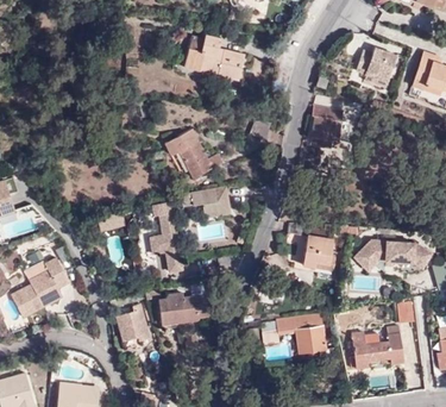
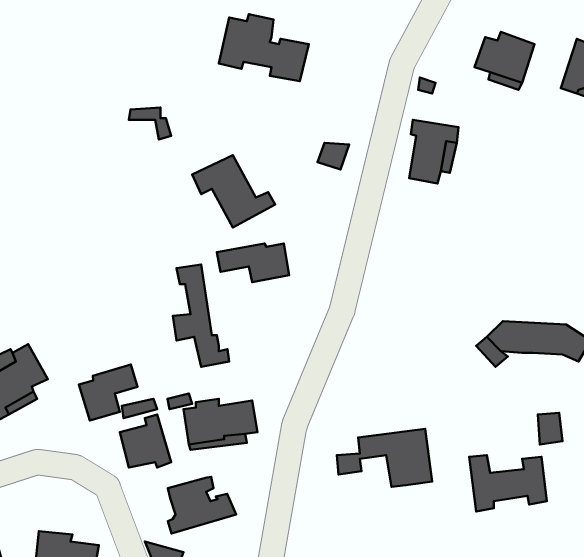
building: [289,224,334,268] -> none
building: none -> [79,365,138,420]
building: none -> [168,477,236,534]

